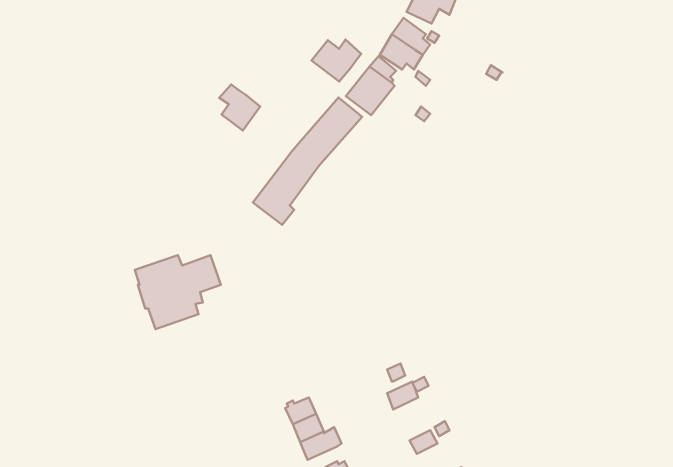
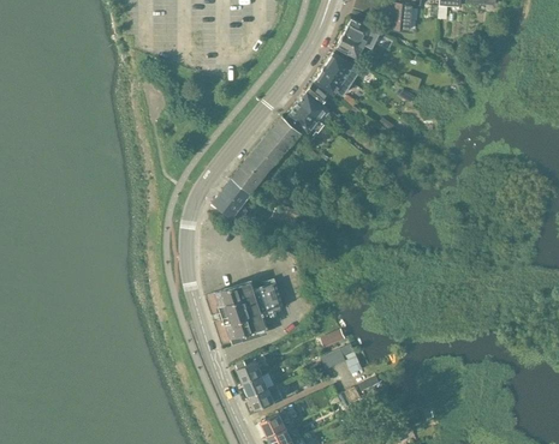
building: [311,40,361,81] -> none
building: [219,85,260,131] -> none
building: [135,255,221,329] -> [215,283,285,343]

